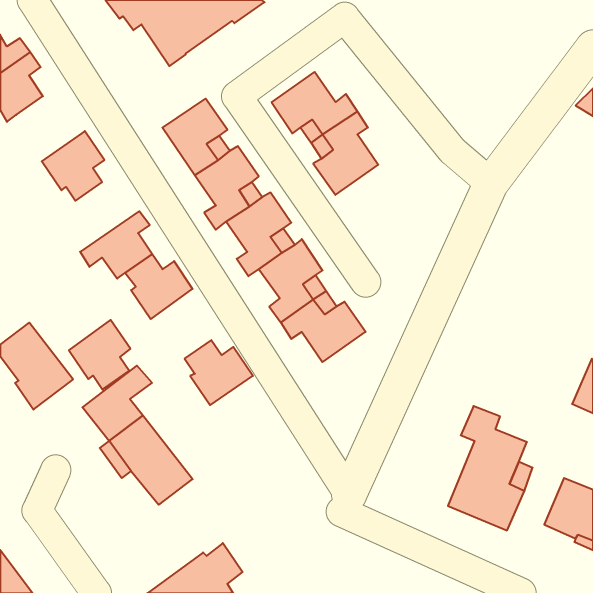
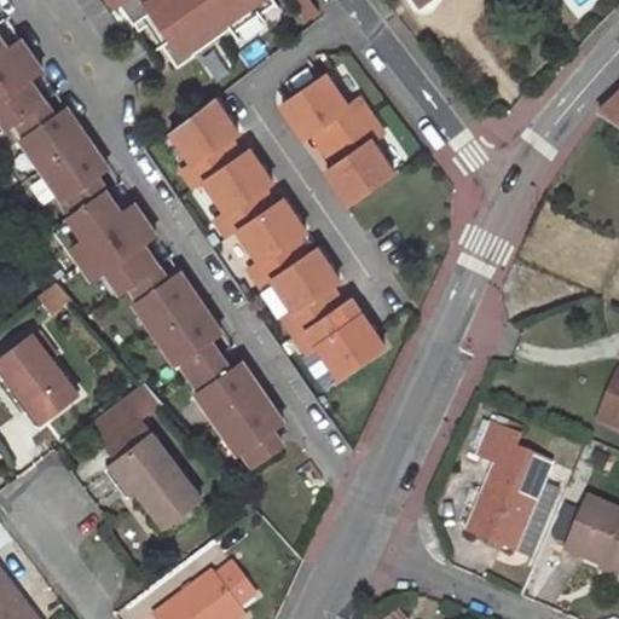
building: none -> [17,100,88,168]
building: none -> [70,190,145,262]
building: [69,320,130,390] -> [157,301,221,374]
building: none -> [219,392,284,463]

